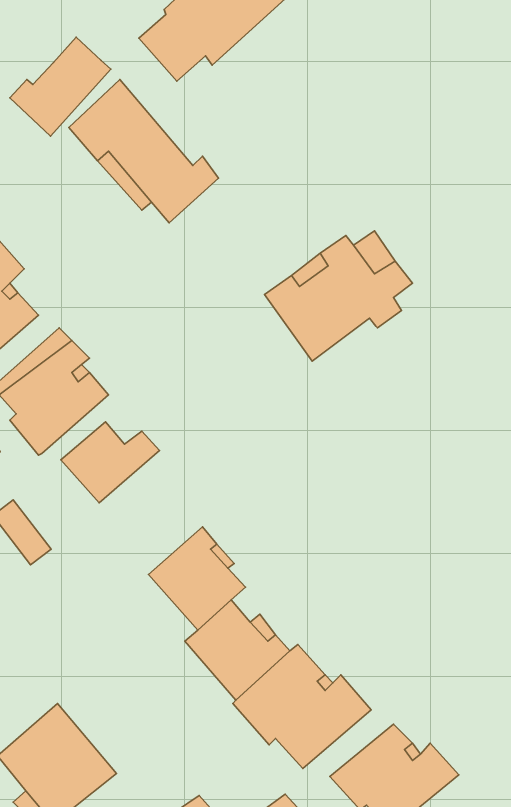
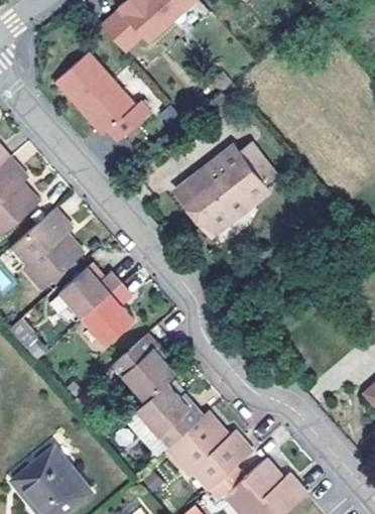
building: [10,37,111,136] -> none
building: none -> [174,187,253,240]
building: none -> [78,286,130,347]

